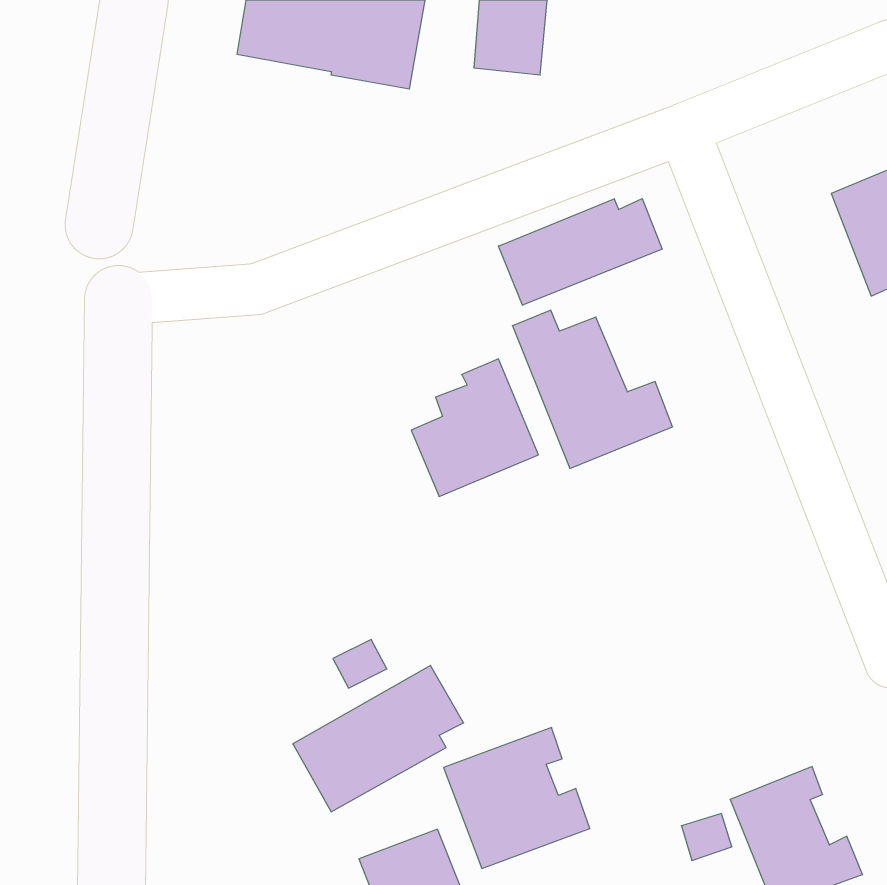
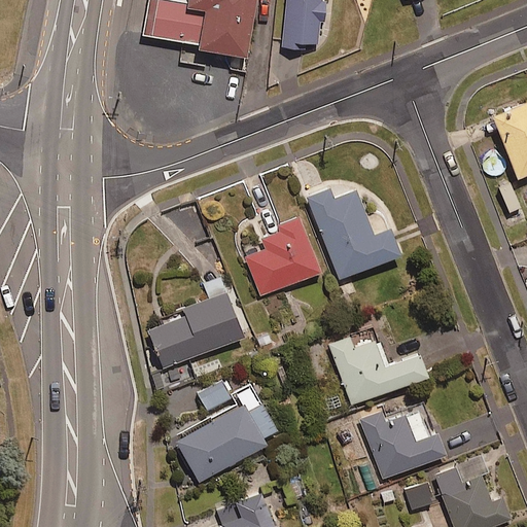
building: [498,199,662,305] -> none
building: none -> [148,279,244,370]
building: none -> [328,328,427,406]
building: [444,728,590,869] -> [359,396,446,480]

